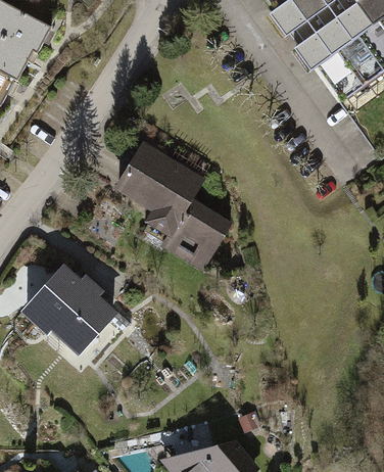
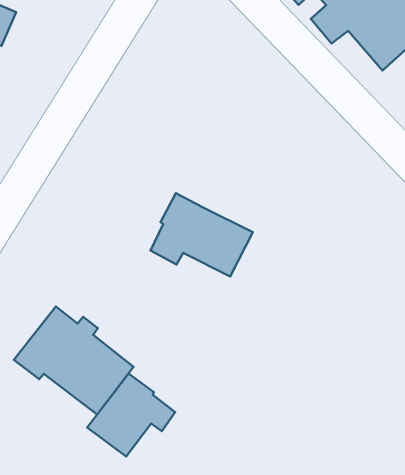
building: [117,145,200,207] -> none
building: none -> [87,374,175,457]

